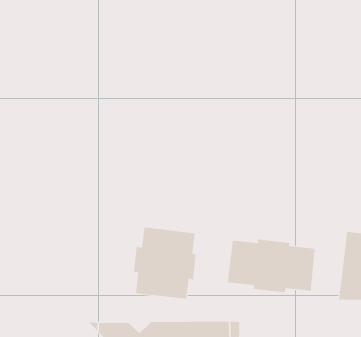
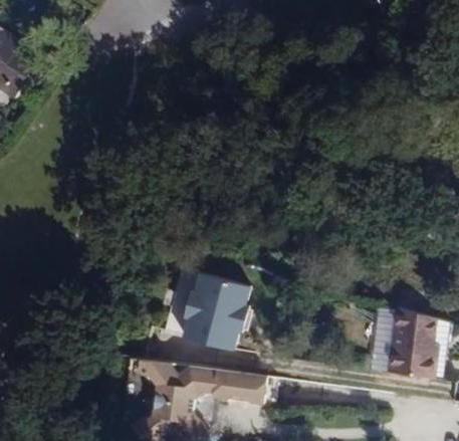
building: [227,239,315,293] -> none

